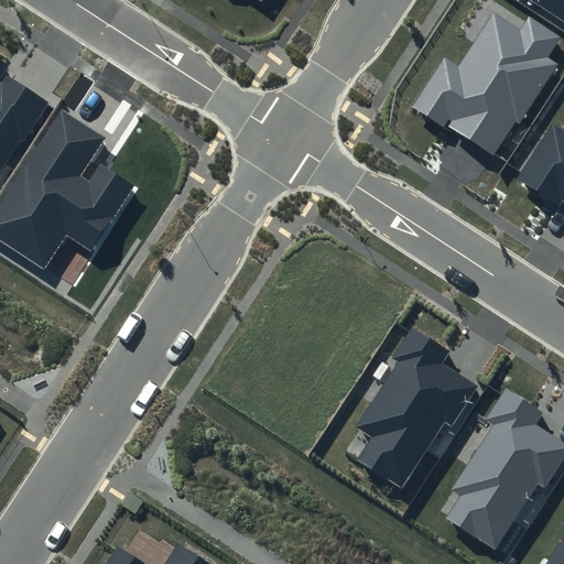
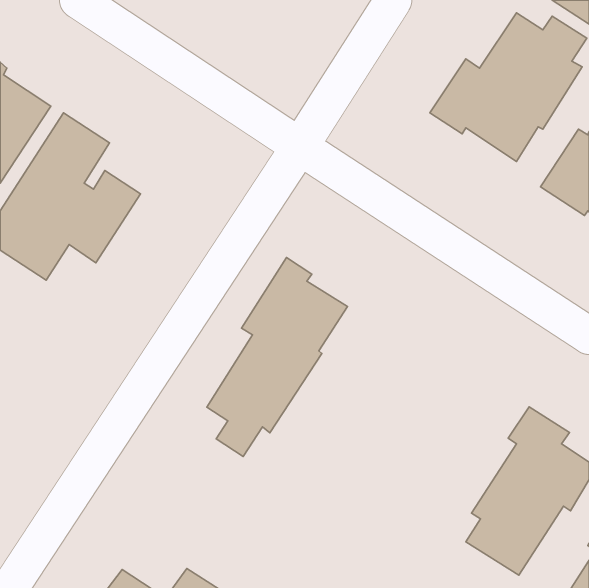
building: none -> [207,258,348,457]
building: [356,327,478,489] -> none

